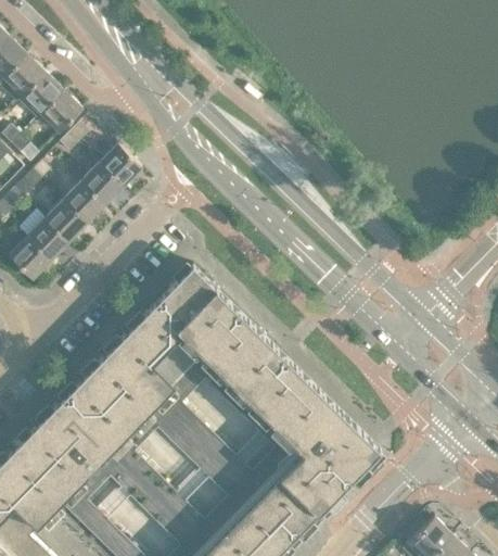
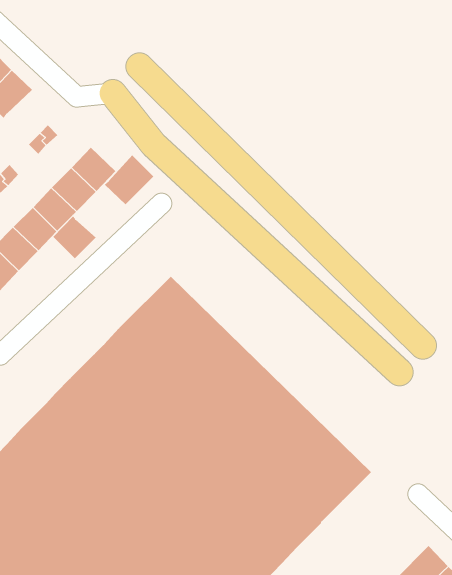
building: [39,93,81,135] -> none
building: none -> [104,154,154,205]
building: none -> [53,215,96,259]

